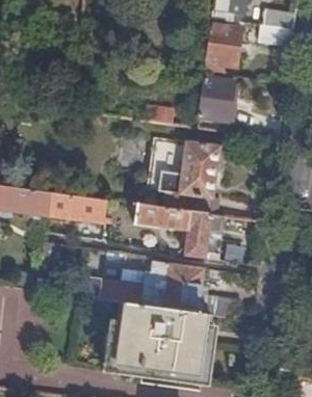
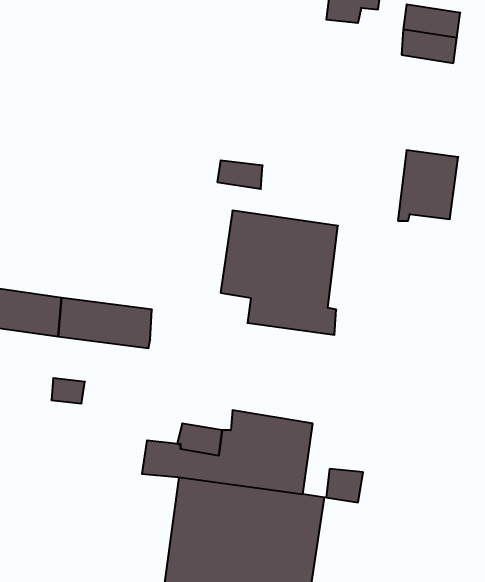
building: [205,23,242,69] -> none
building: [198,78,235,122] -> [398,150,458,221]
building: [109,203,224,260] -> none

